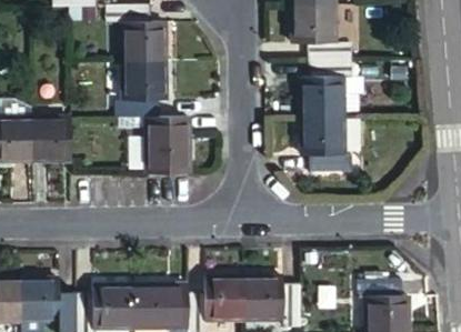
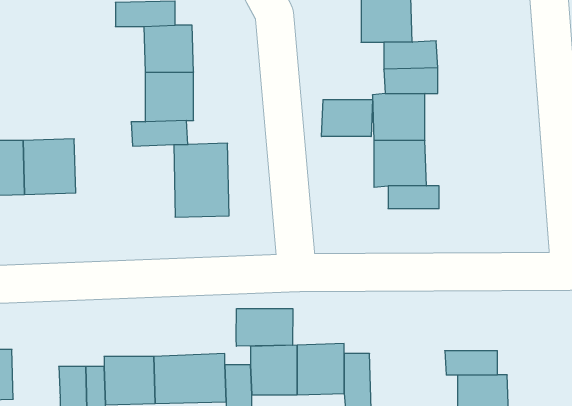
building: none -> [322,100,373,137]
building: none -> [236,309,293,346]
building: [21,279,59,319] -> none

